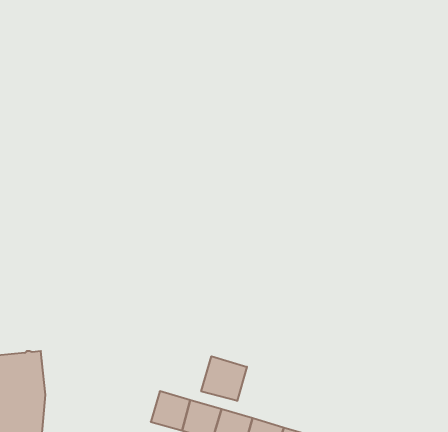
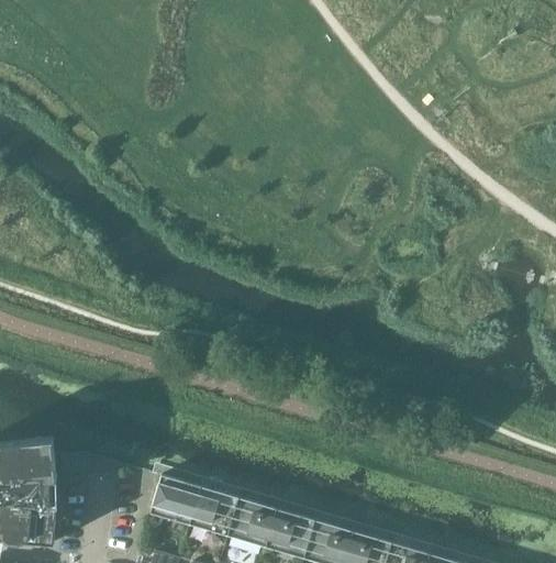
building: [201,356,247,401] -> none
building: none -> [147,474,197,523]

